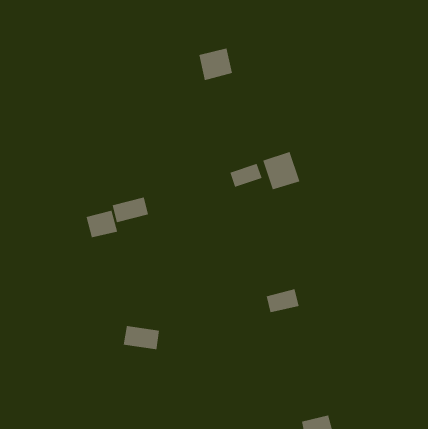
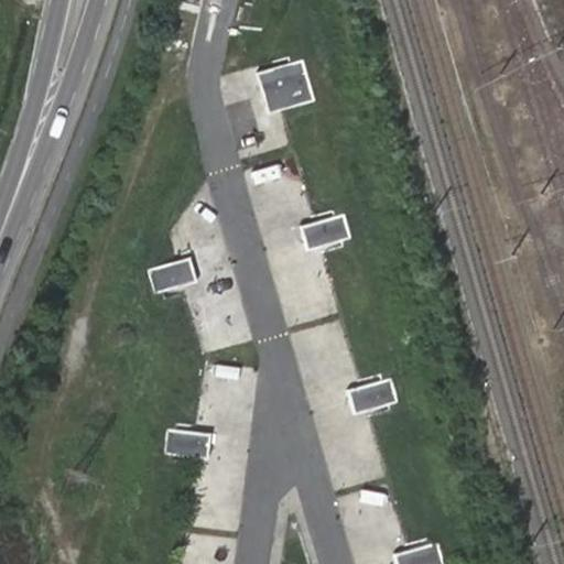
building: [263,151,300,190] -> none
building: [86,210,118,238] -> none

